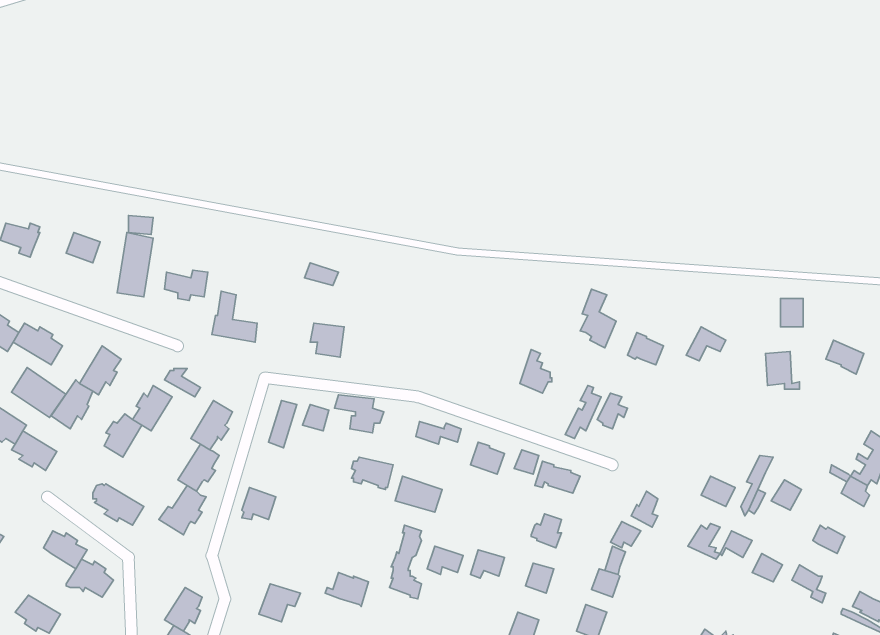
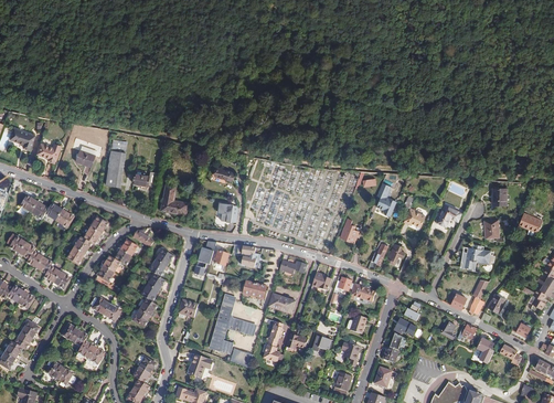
building: [12,367,66,418] -> none
building: none -> [461,244,494,268]
building: none -> [210,294,255,352]

